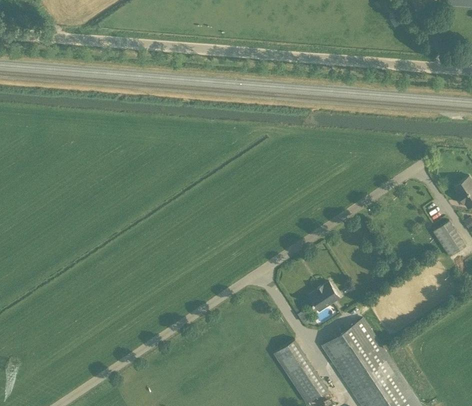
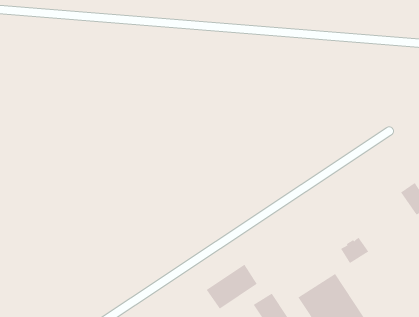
building: [308,285,339,314] -> [340,237,369,264]
building: none -> [206,264,258,310]

